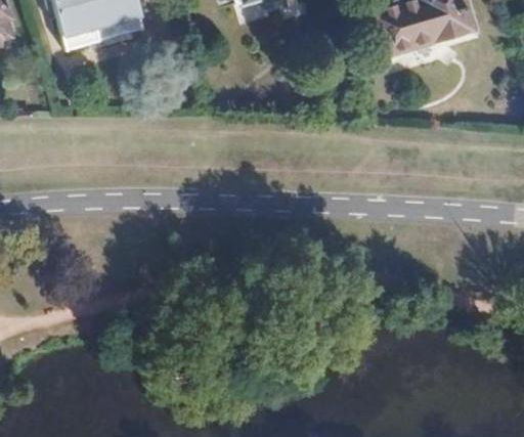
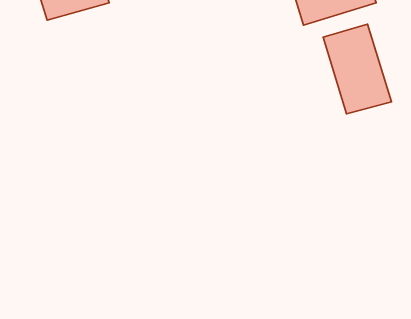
building: none -> [323,24,392,114]

